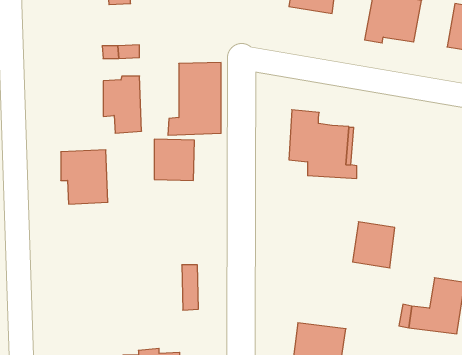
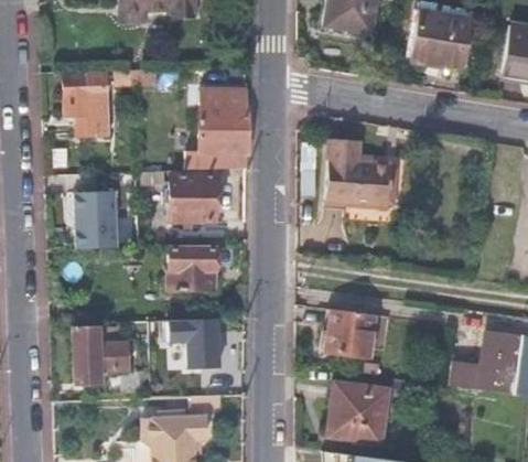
building: [103,76,142,133] -> [65,72,108,136]
building: none -> [171,249,215,288]
building: [353,222,395,268] -> [327,307,375,358]
building: none -> [170,316,204,368]
building: none -> [75,329,128,382]

